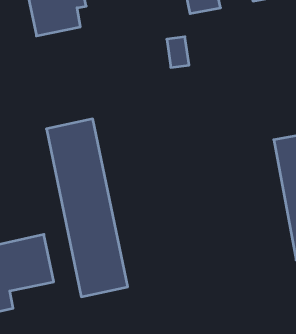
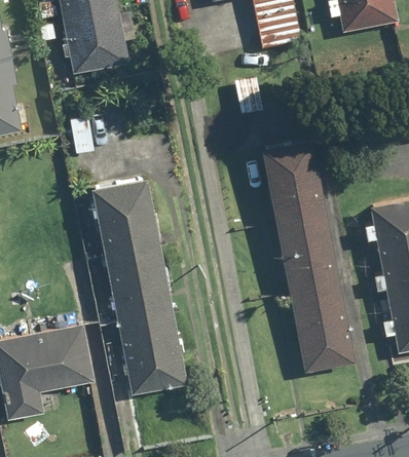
building: none -> [258,136,356,374]

